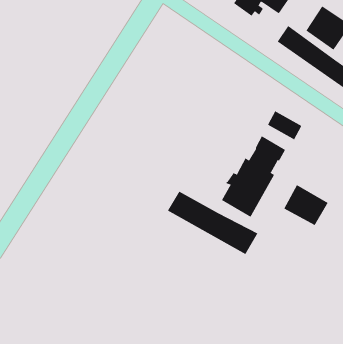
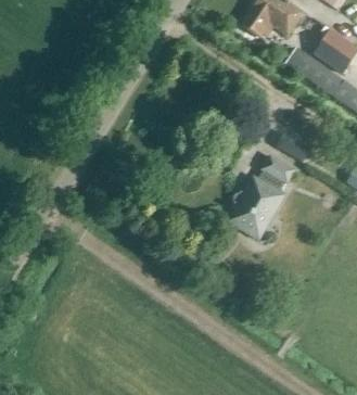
building: [284,184,329,226] -> none
building: [167,191,258,255] -> none

